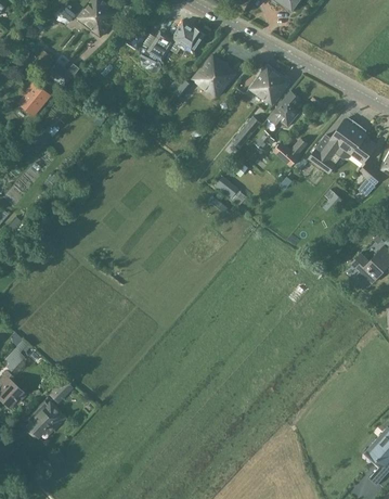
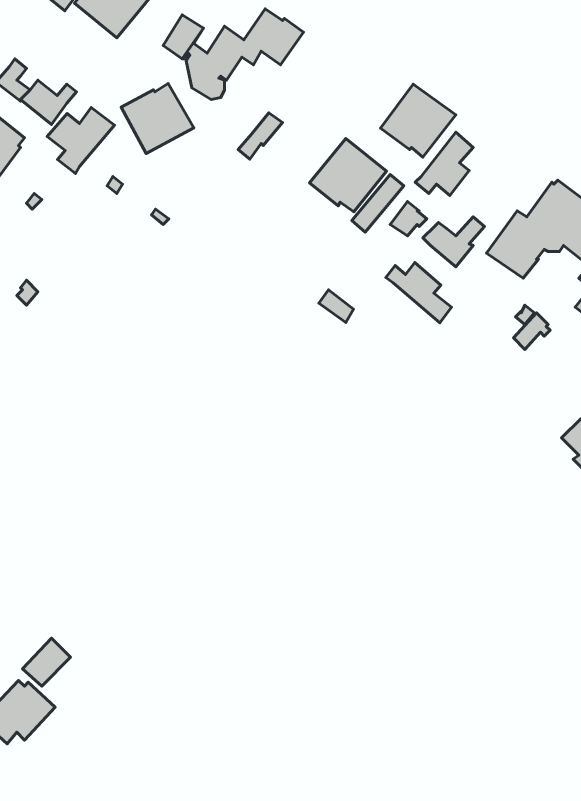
building: [193,54,236,95] -> [309,139,386,212]
building: none -> [121,84,194,153]
building: none -> [47,107,115,173]
building: none -> [386,263,451,323]

